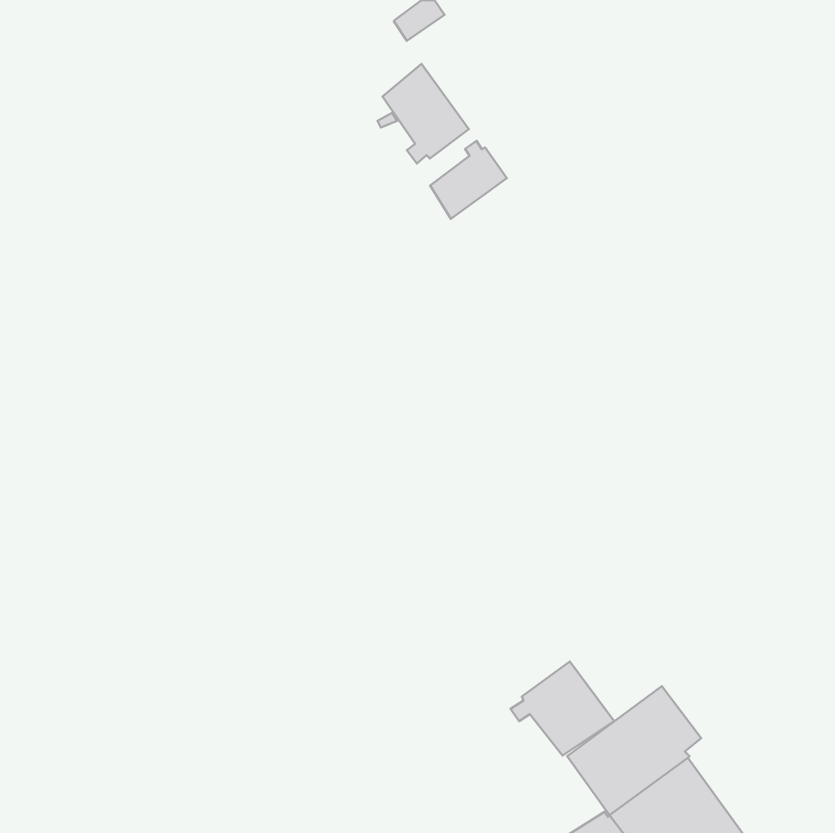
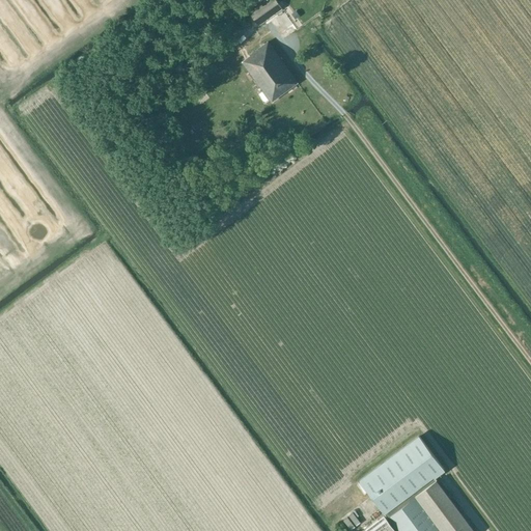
building: [430,141,507,219] -> none
building: [511,662,614,756] -> none

